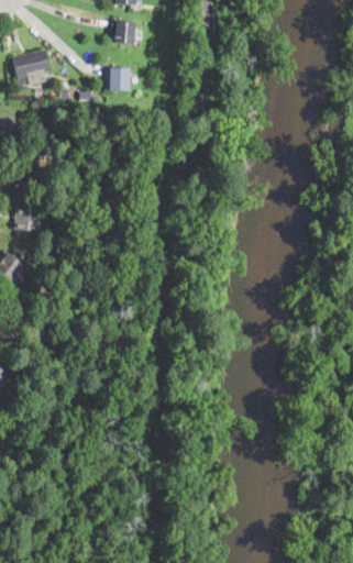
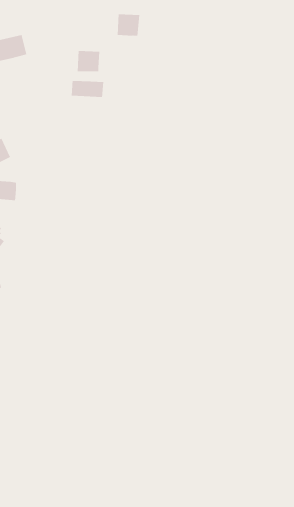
building: [111,20,136,44] -> [117,14,140,36]
building: none -> [71,80,104,98]

